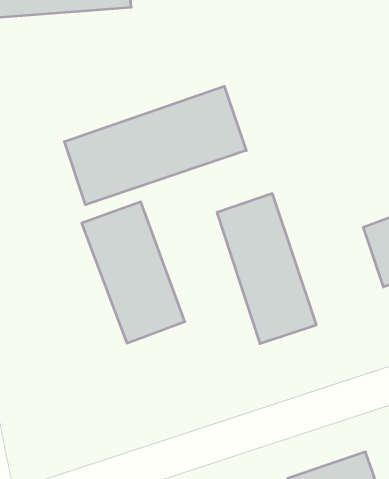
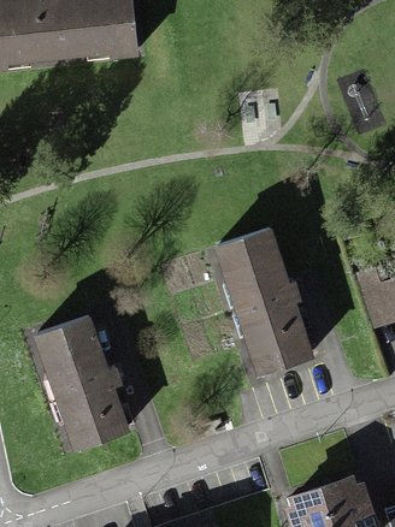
building: [64,86,246,205] -> none
building: [82,202,185,343] -> [30,319,129,454]

